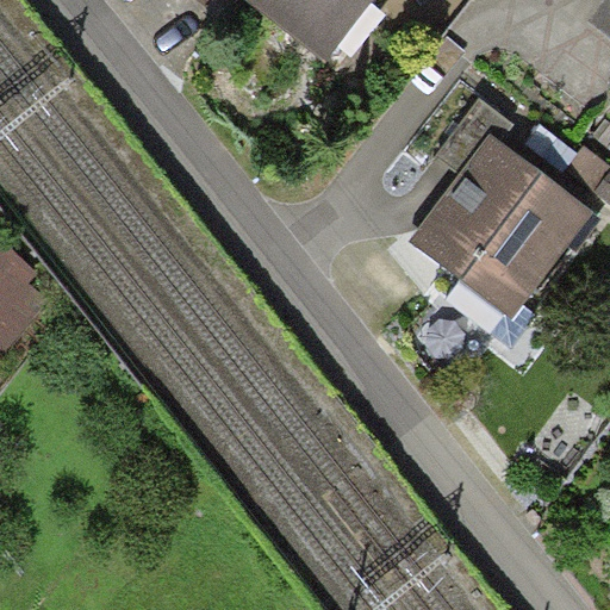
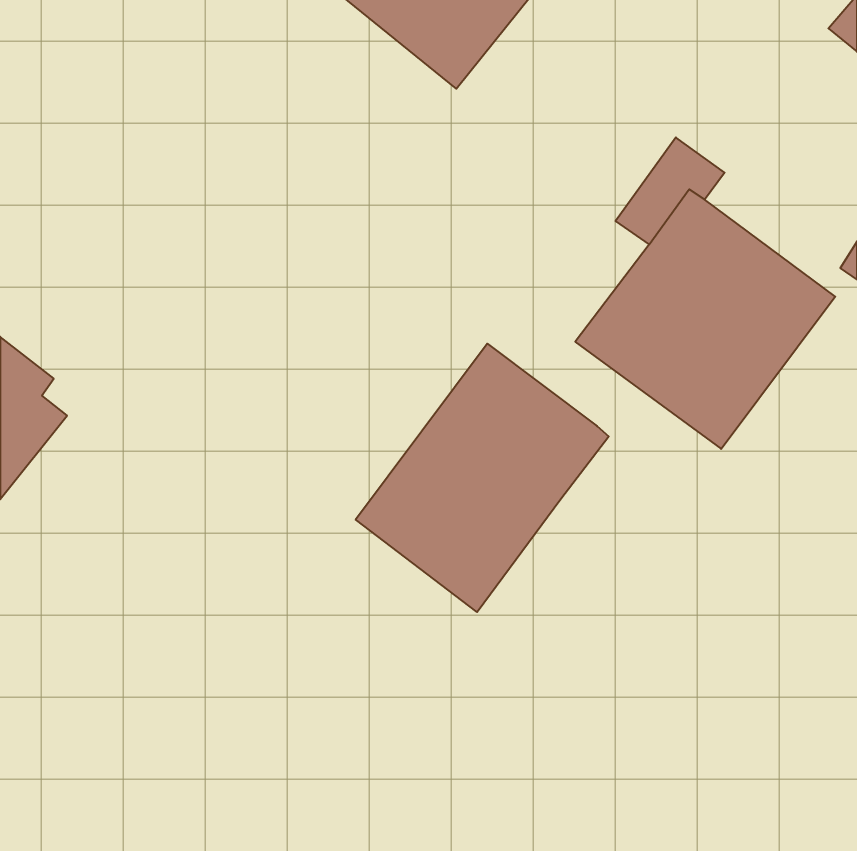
building: none -> [356,344,609,612]

